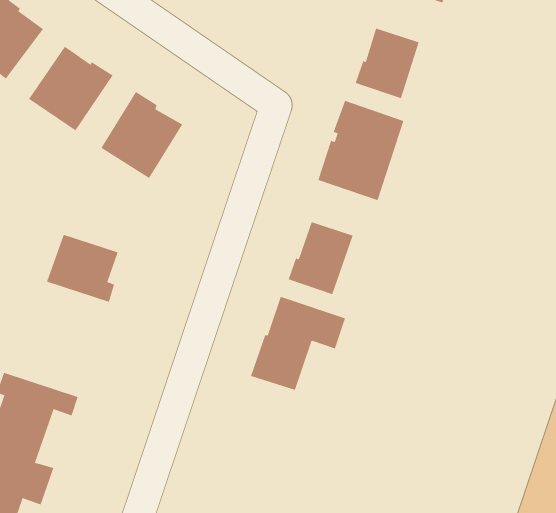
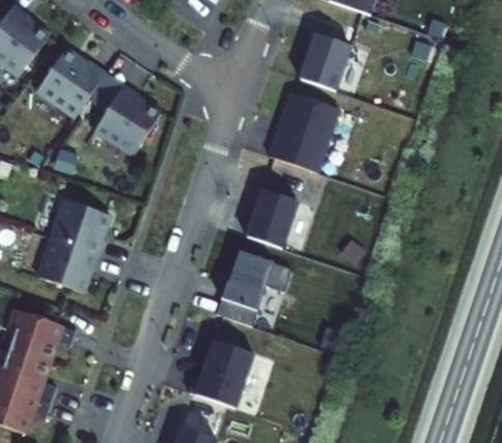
building: none -> [38,238,102,292]
building: none -> [189,339,253,408]

